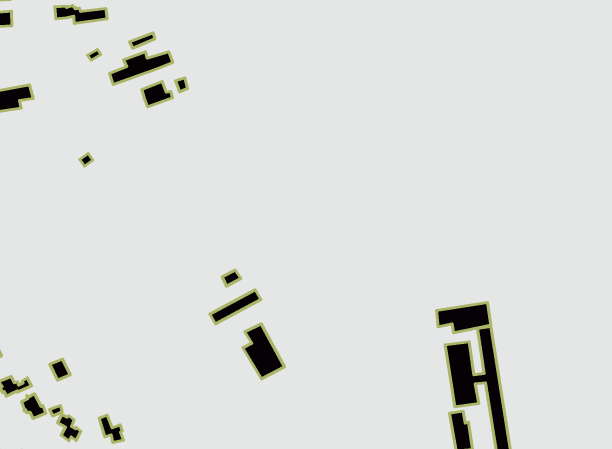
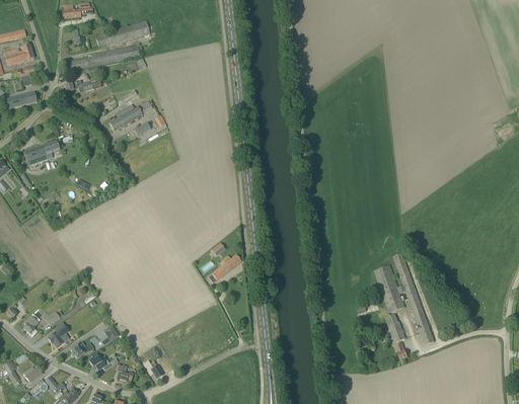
building: [436,302,491,333] -> none
building: [243,324,284,379] -> none

